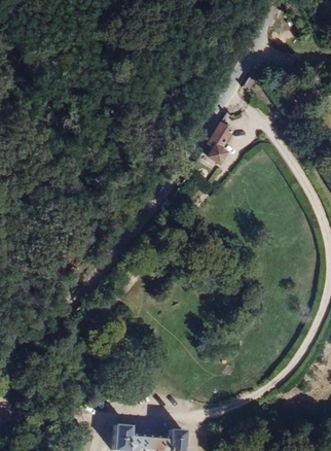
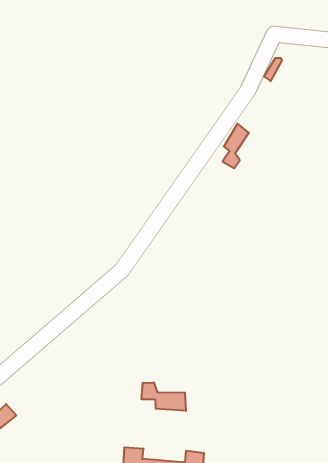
building: none -> [142,382,186,411]

